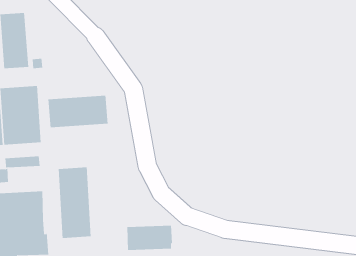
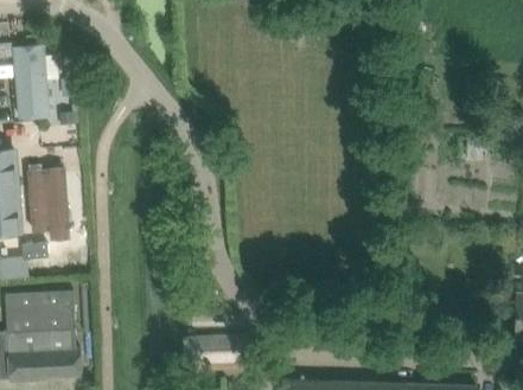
building: [48,95,108,128] -> none
building: [58,166,91,239] -> none

